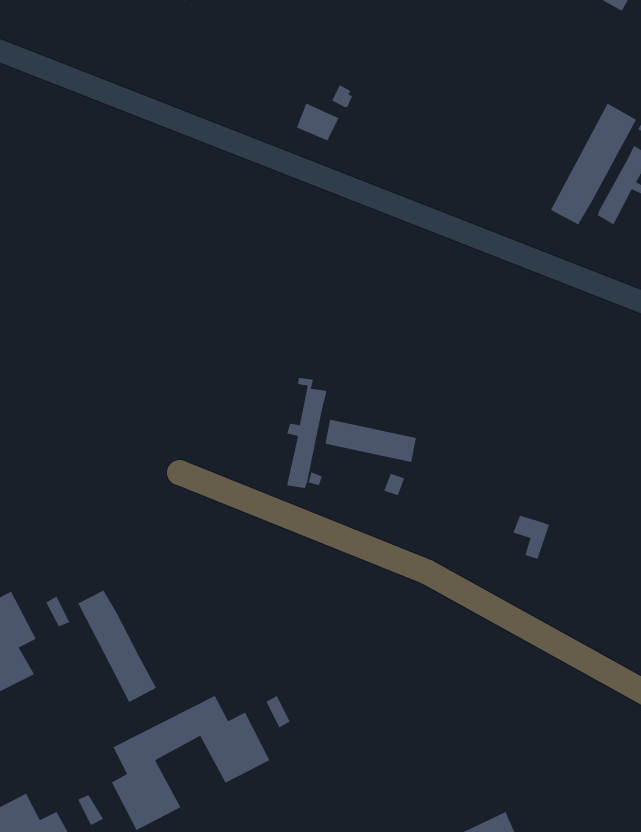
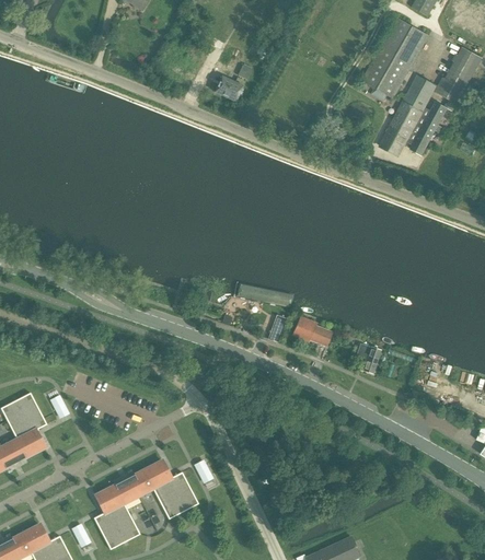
building: none -> [361,18,428,98]
building: [286,377,327,489] -> none
building: none -> [292,316,333,347]
building: [77,589,157,703] -> none

